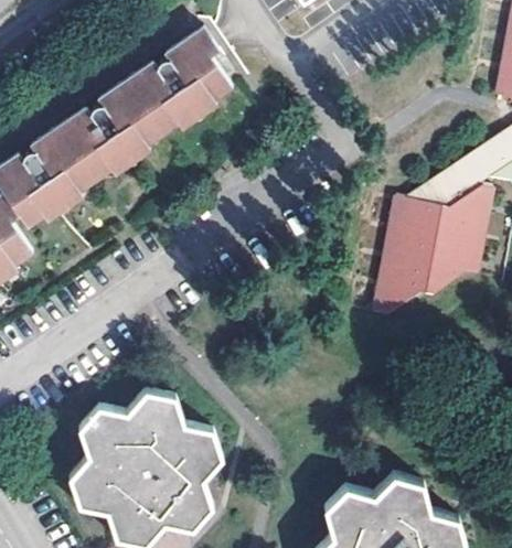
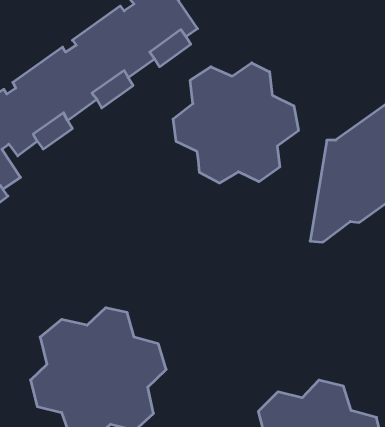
building: none -> [173,63,298,183]

